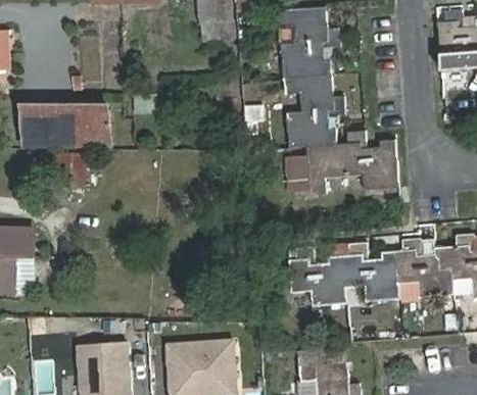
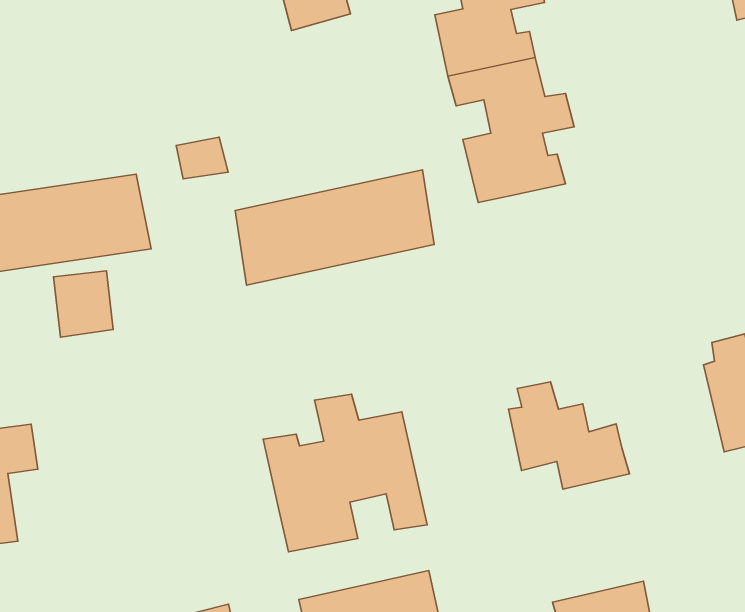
building: none -> [235,170,434,285]
building: [287,131,399,194] -> none
building: none -> [263,394,427,552]
building: [329,242,400,301] -> none

